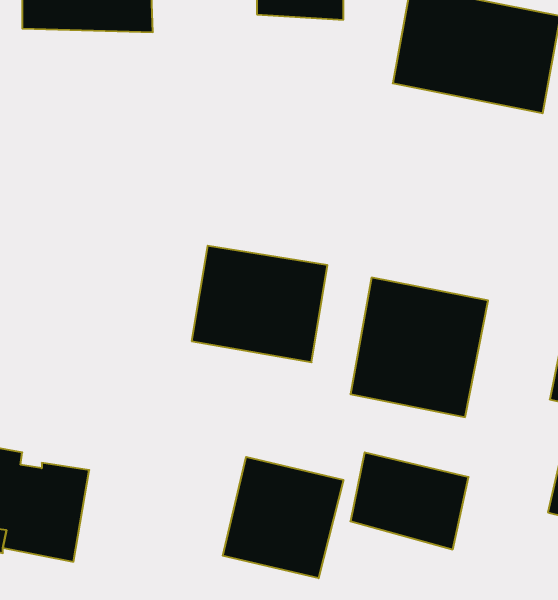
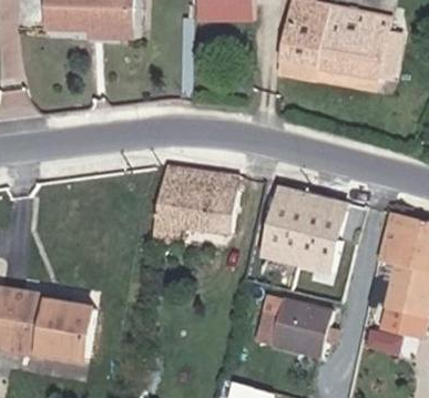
building: [223,457,343,578] -> none

